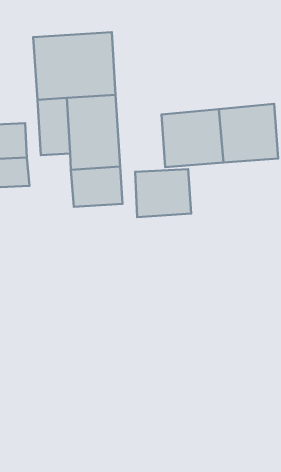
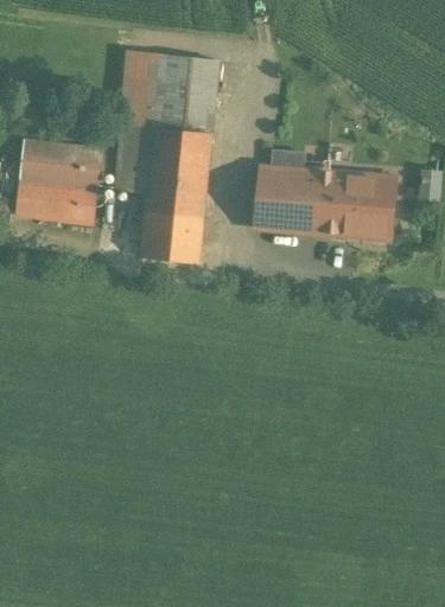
building: [135,169,191,217] -> none

